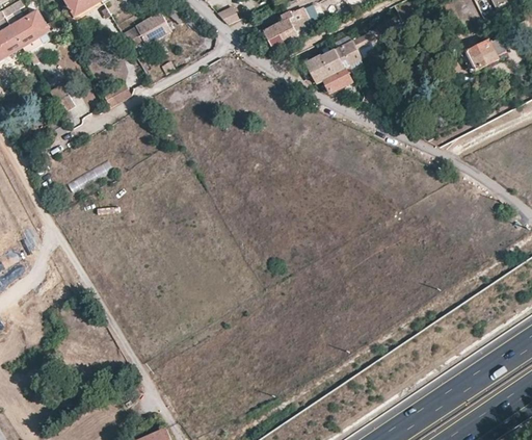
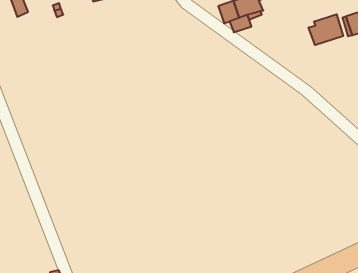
building: none -> [309,14,343,45]

